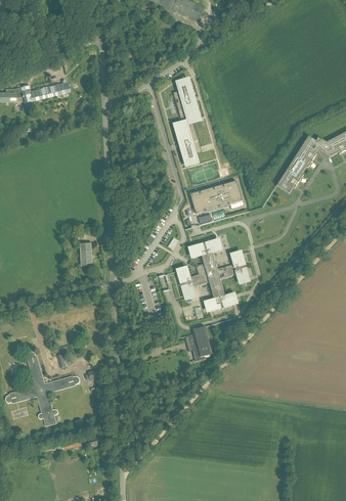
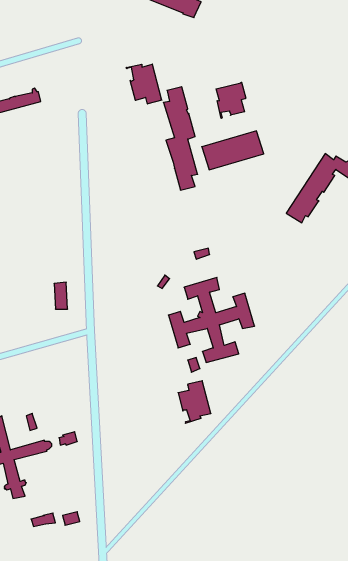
building: none -> [126,64,162,104]
building: none -> [216,82,246,118]
building: [189,180,242,213] -> [202,131,264,170]

